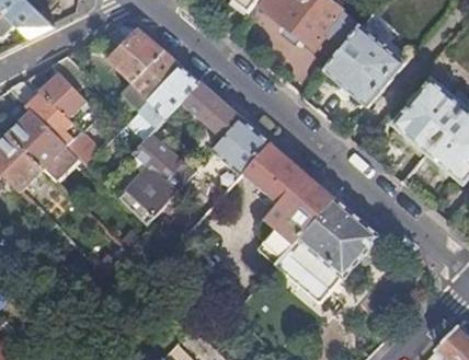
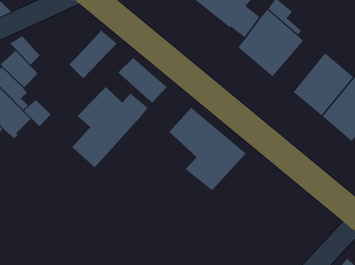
building: [106,25,160,82] -> none
building: [128,66,198,137] -> none
building: [210,118,268,175] -> none
building: [273,198,378,302] -> none

